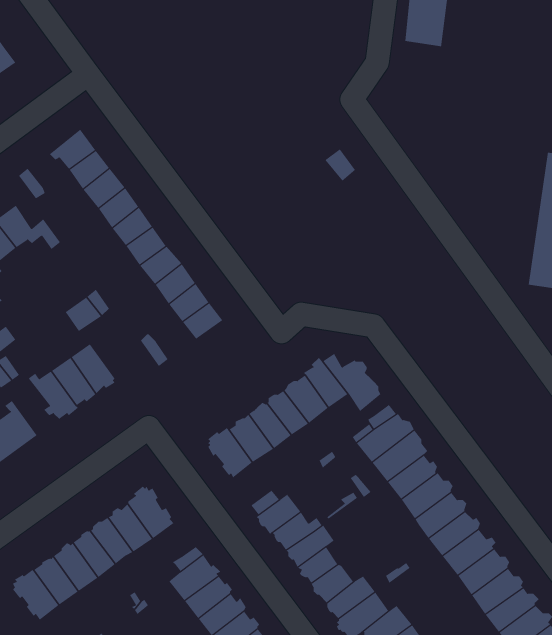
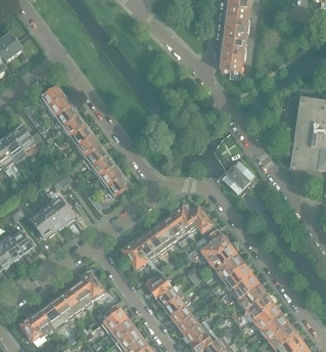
building: none -> [221,39,244,74]
building: none -> [222,162,253,193]

